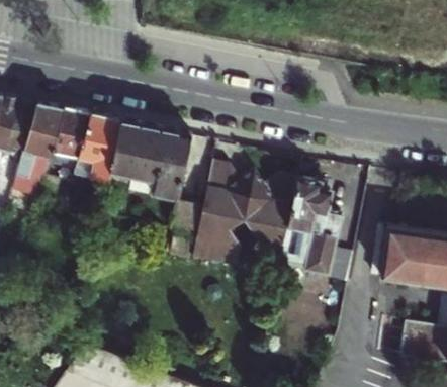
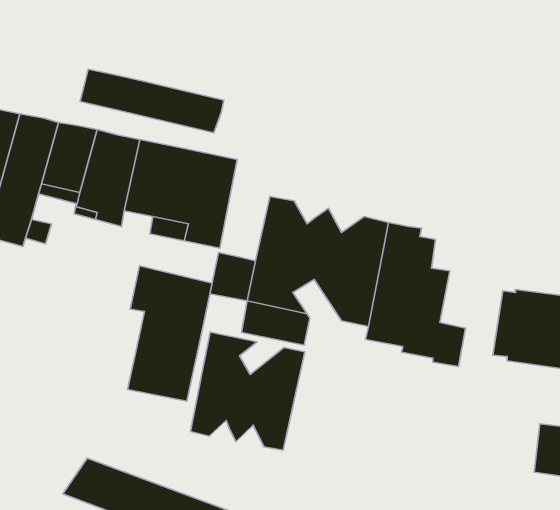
building: none -> [80,69,224,133]
building: none -> [128,266,212,401]
building: none -> [190,332,305,450]

